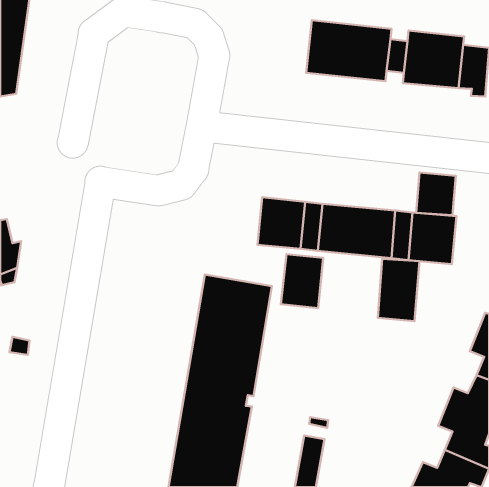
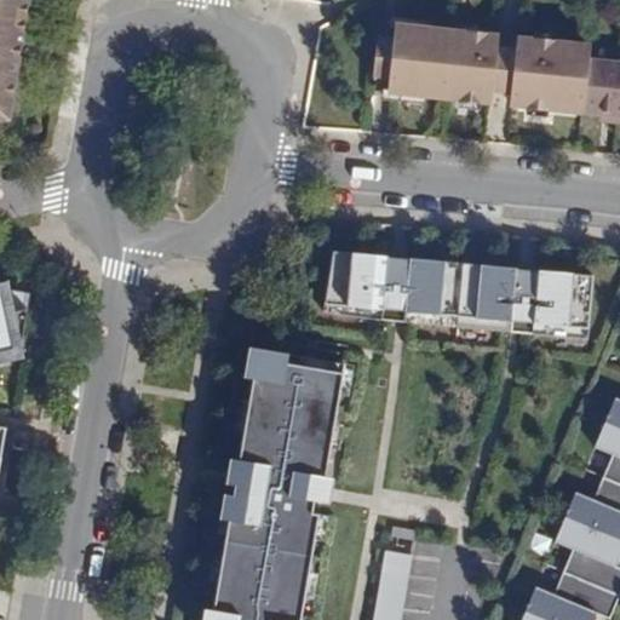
building: [416,173,456,215] -> none
building: [281,254,323,308] -> none
building: [378,259,419,321] -> none

